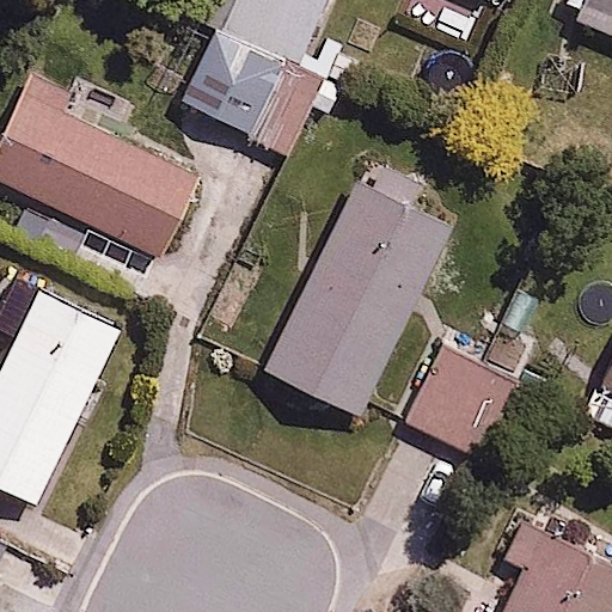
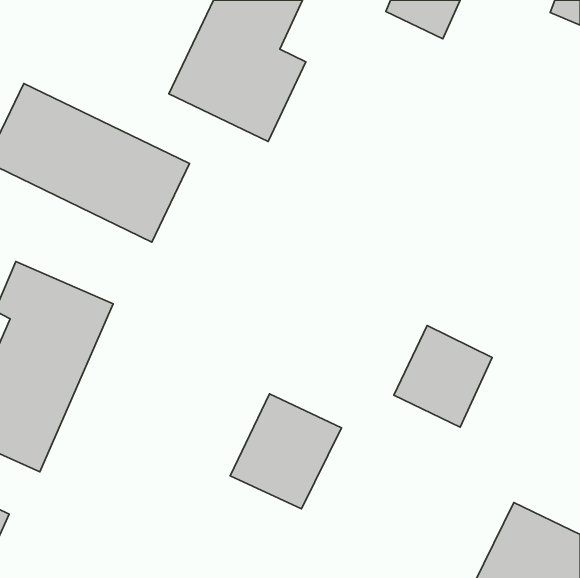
building: [265,182,455,412] -> none
building: none -> [230,394,342,509]

